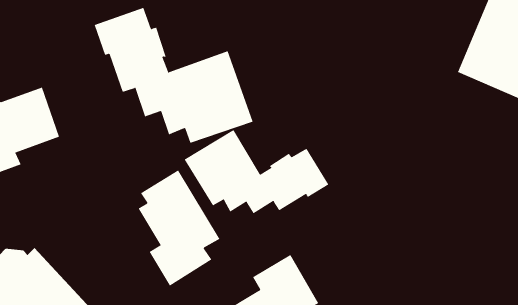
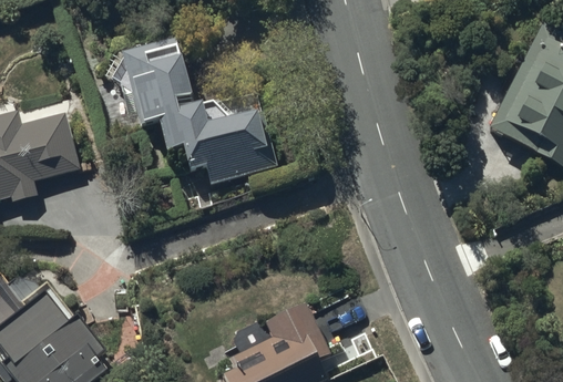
building: [184,129,329,214] -> none
building: [138,170,220,286] -> none

